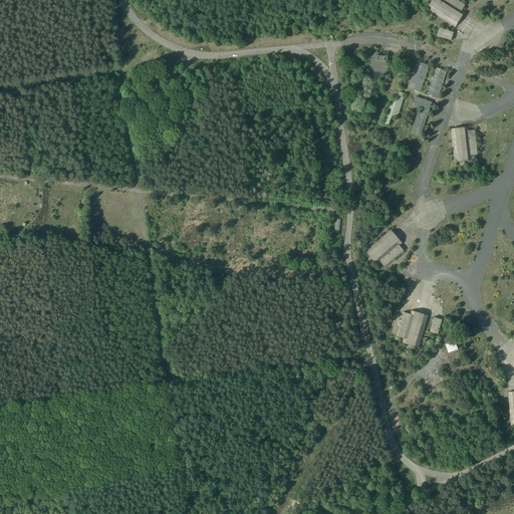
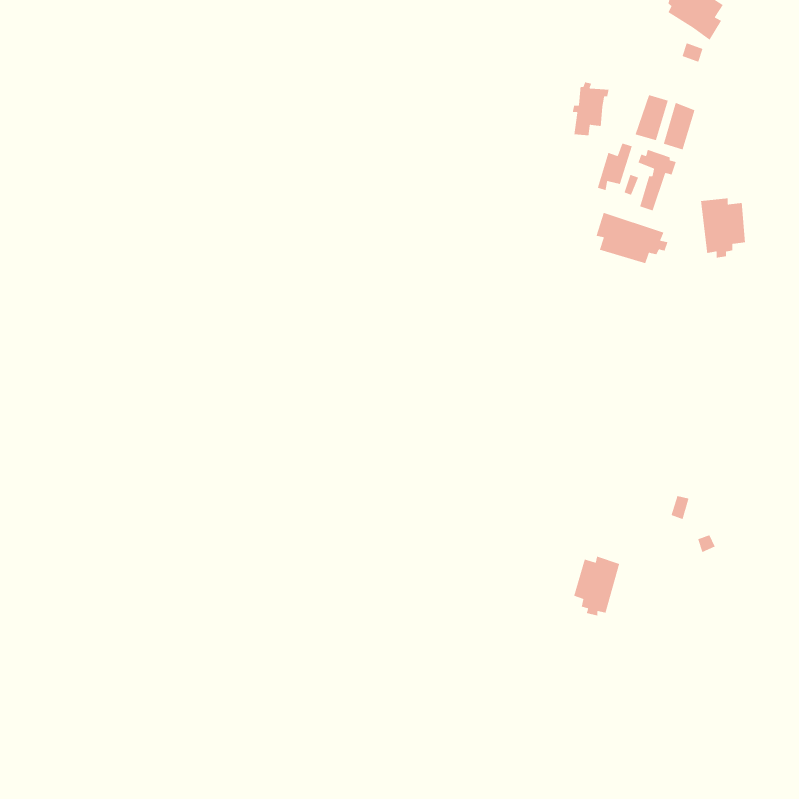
building: none -> [595,212,669,264]
building: [365,229,404,266] -> none
building: [397,310,427,349] -> [573,556,620,617]

